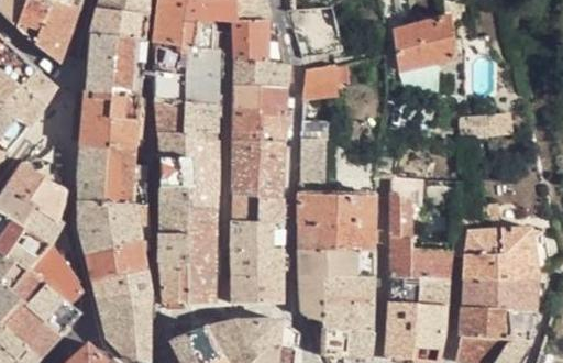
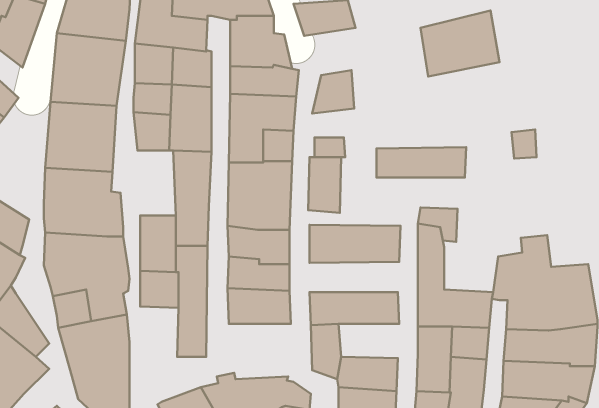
building: [156,132,188,186] -> none
building: [299,224,374,250] -> [376,147,466,178]
building: [158,262,190,304] -> none
building: [231,276,284,304] -> none
building: [323,276,374,305] -> none

